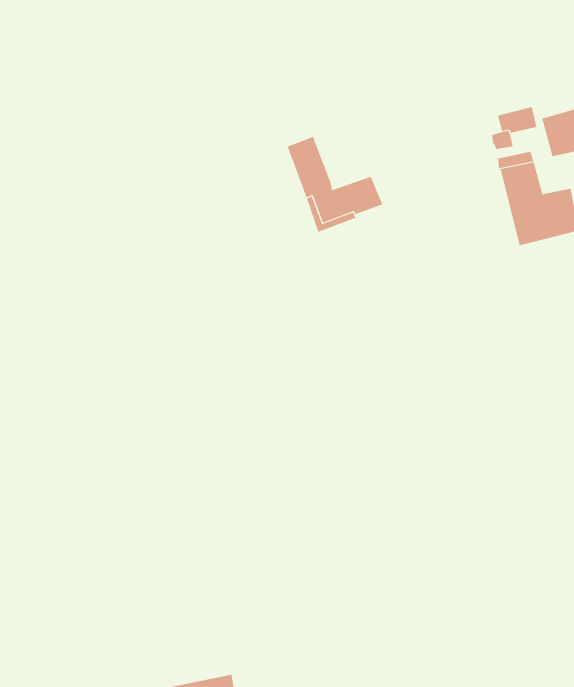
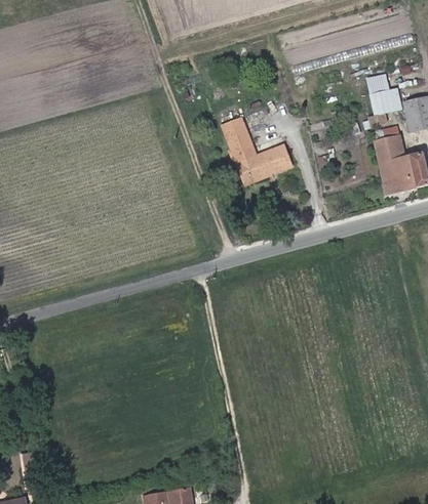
building: none -> [365,76,395,101]

